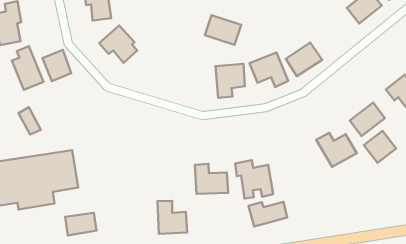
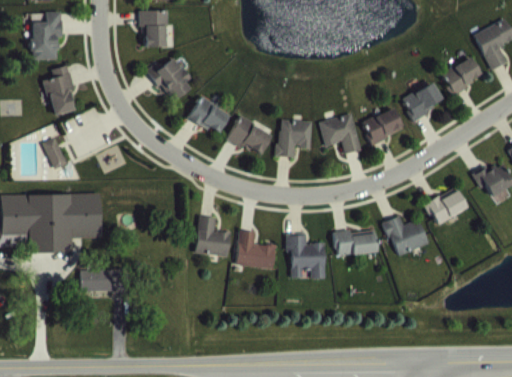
building: [205,15,241,45] -> [227,117,271,155]
building: none -> [402,82,442,121]
building: [42,50,71,81] -> none
building: none -> [188,97,229,135]
building: [364,131,396,163] -> none
building: [158,201,187,234] -> [195,216,230,257]
building: [249,202,287,227] -> [334,230,377,257]

